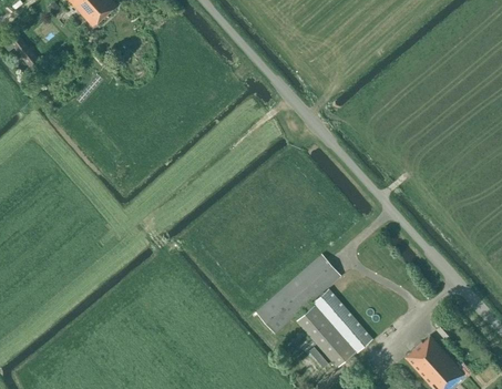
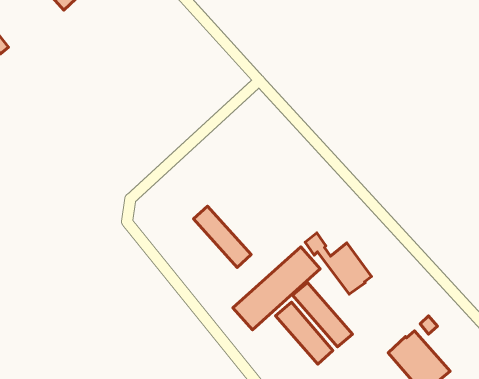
building: none -> [194,206,251,267]
building: none -> [305,233,371,294]

